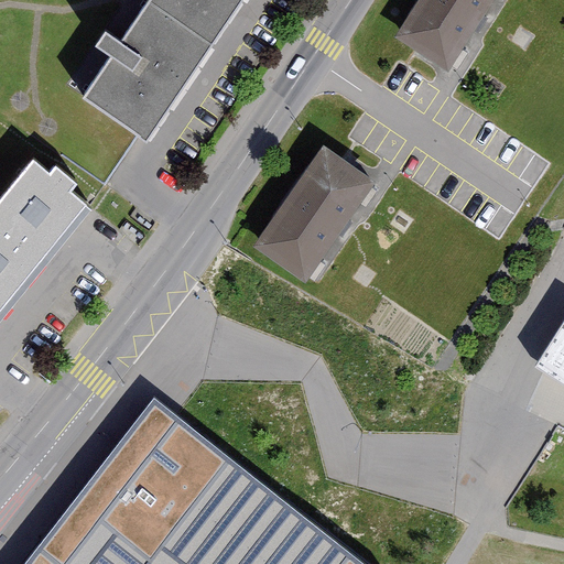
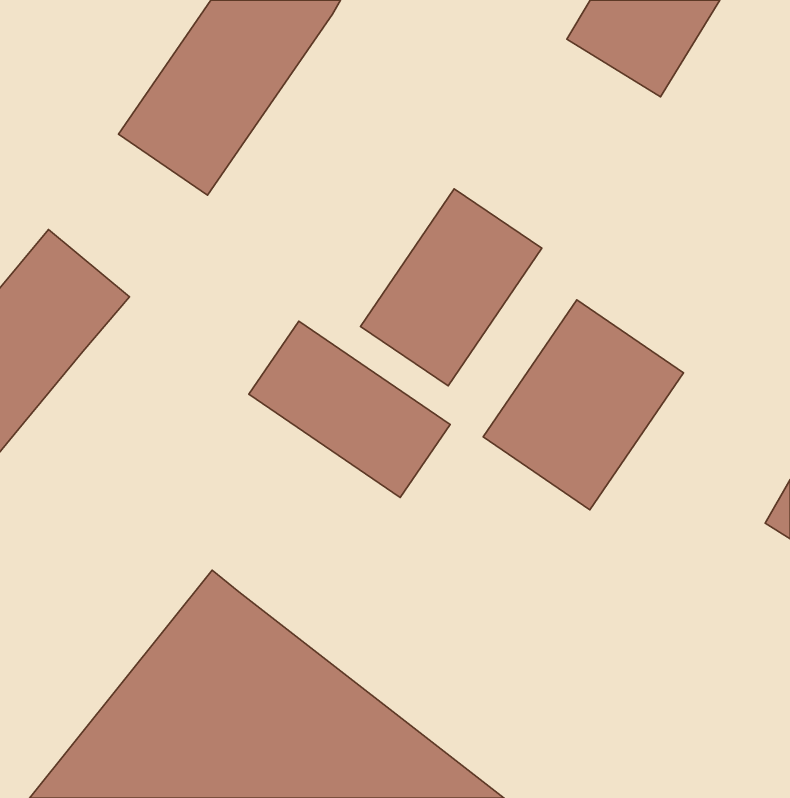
building: none -> [483,300,683,510]
building: none -> [249,321,450,497]

